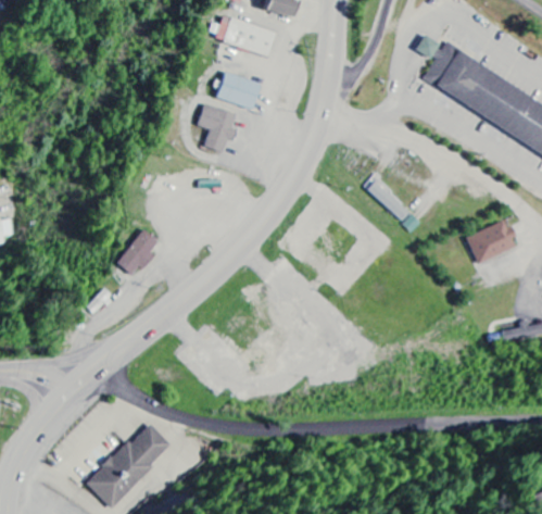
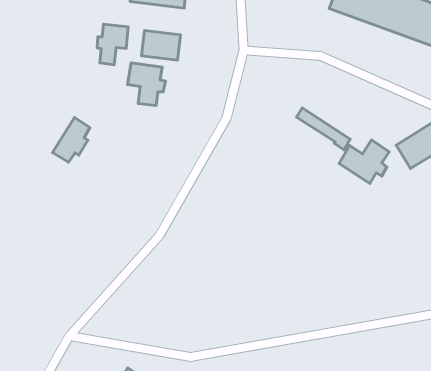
building: none -> [97,24,128,65]
building: none -> [339,140,389,183]
building: [115,229,159,275] -> [52,117,90,162]

